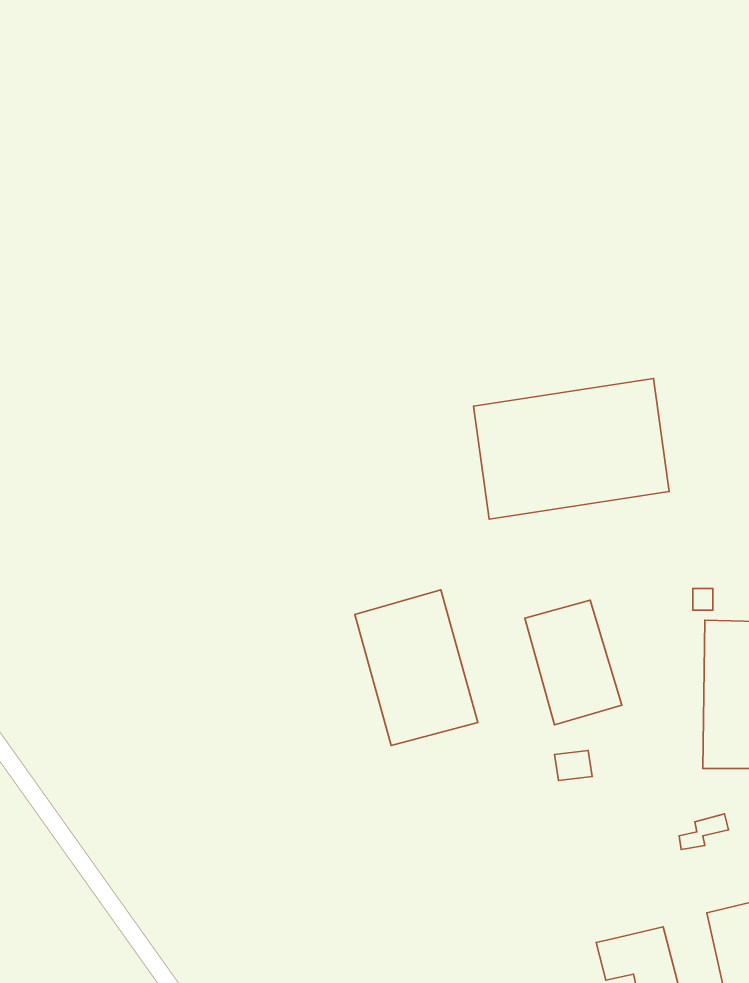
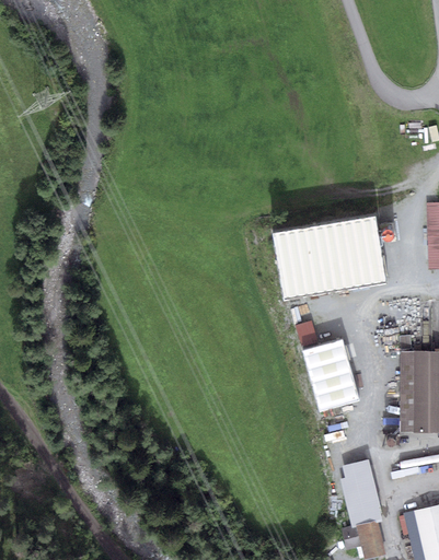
building: [355,590,478,746] -> none
building: none -> [346,459,384,527]

